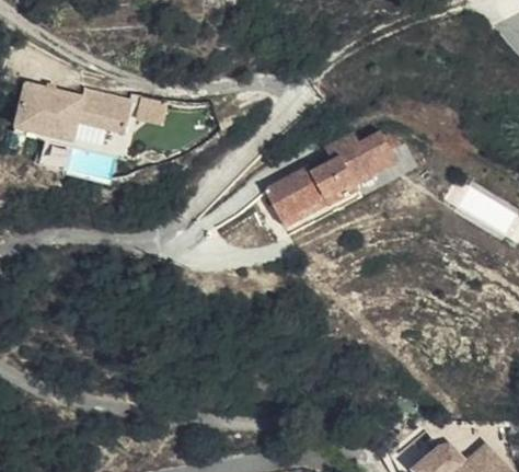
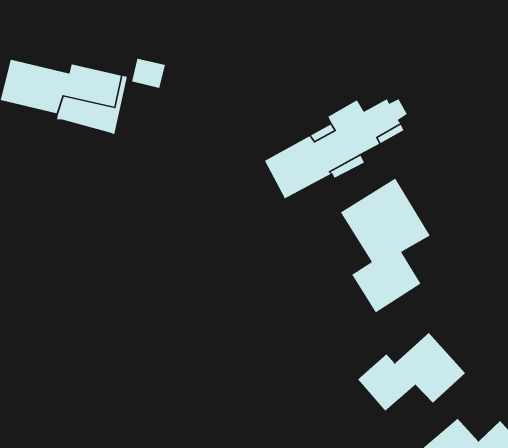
building: none -> [340,177,431,314]
building: none -> [357,332,466,412]

